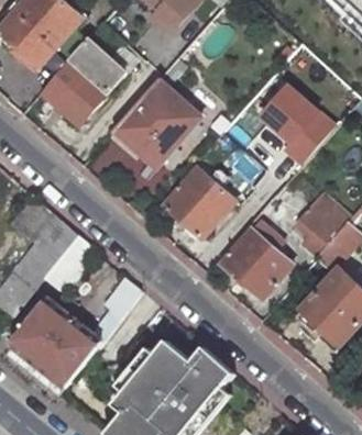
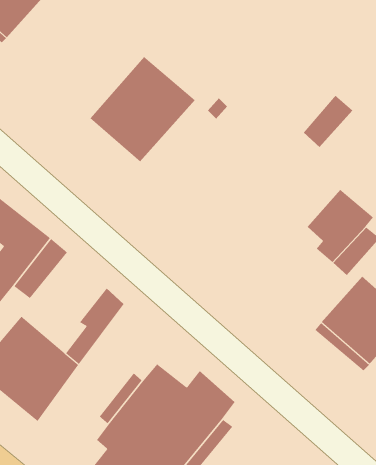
building: [41,38,122,123] -> none
building: [259,86,318,145] -> none
building: [164,165,237,236] -> none
building: [221,231,289,298] -> none

